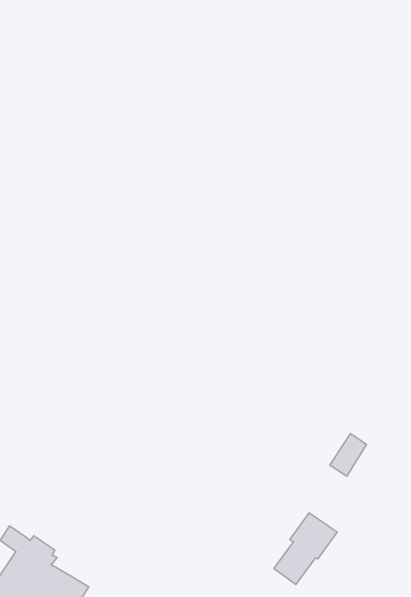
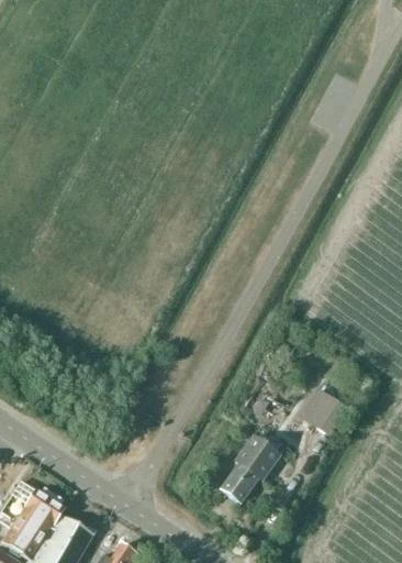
building: [274,513,337,584] -> [222,438,279,503]

